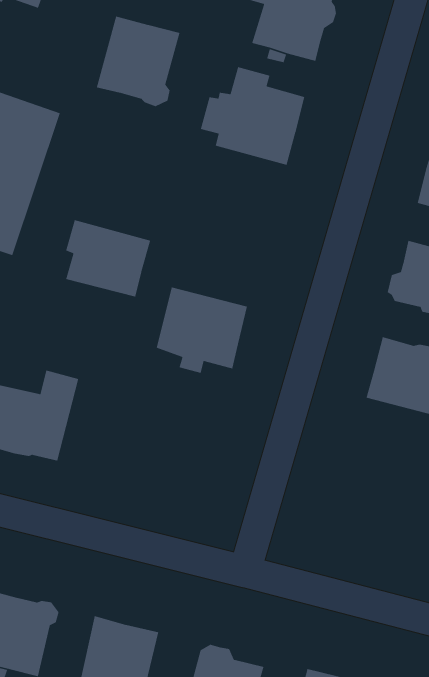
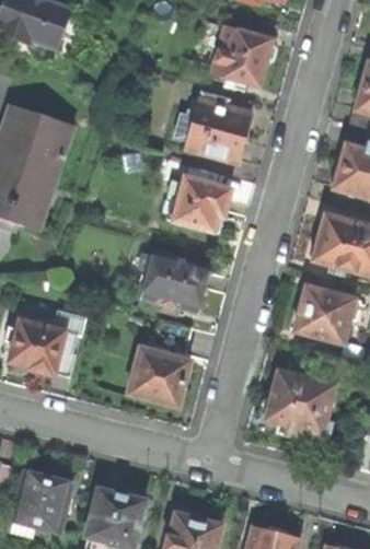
building: [96,16,180,107] -> none
building: [65,219,151,298] -> [166,173,229,230]
building: none -> [127,317,194,406]
building: none -> [256,370,334,442]

